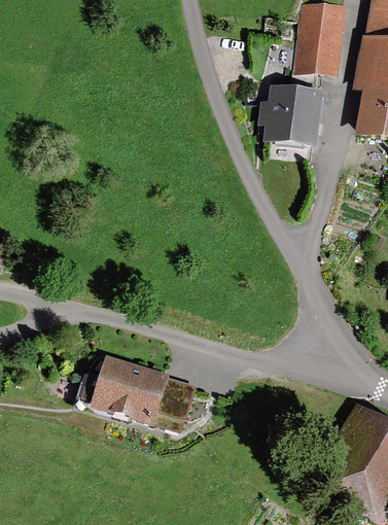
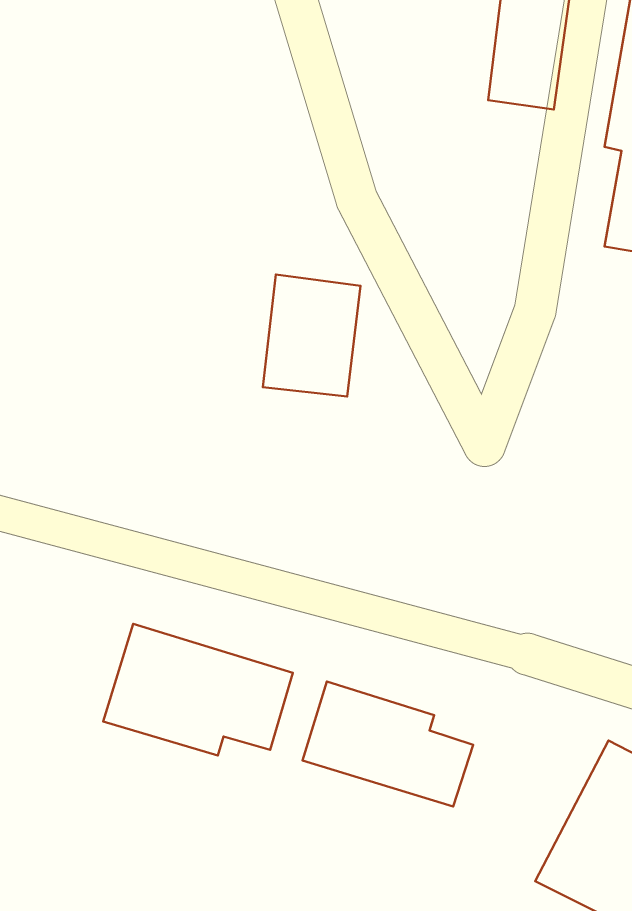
building: [261,89,315,155] -> [263,274,360,397]
building: none -> [303,681,473,807]

